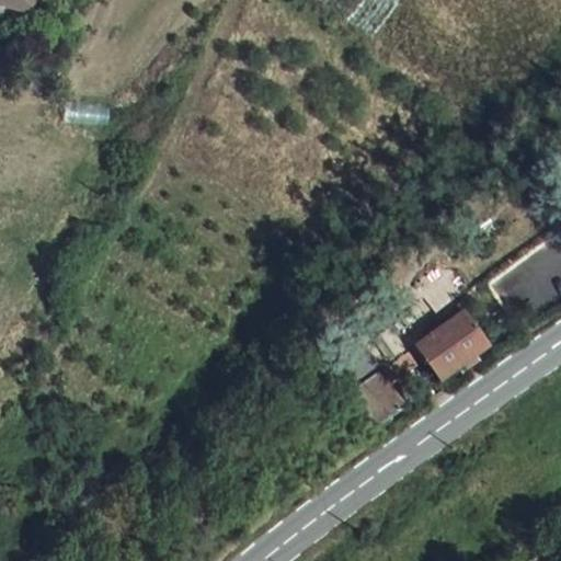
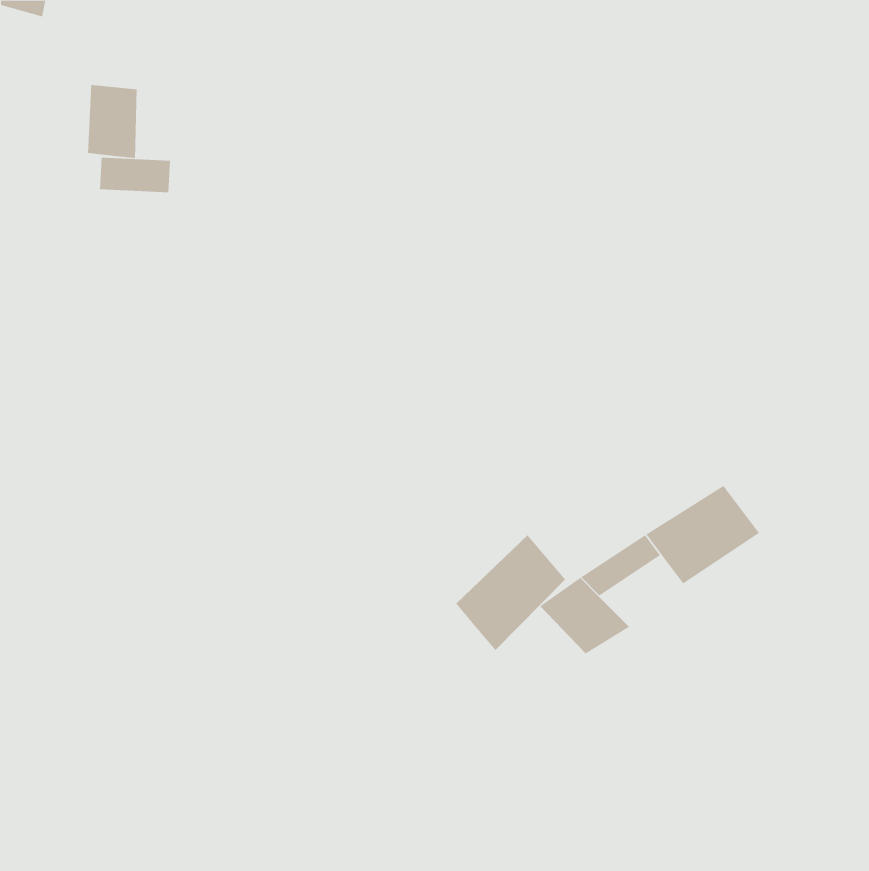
building: none -> [88,84,137,159]
building: none -> [456,534,566,651]

